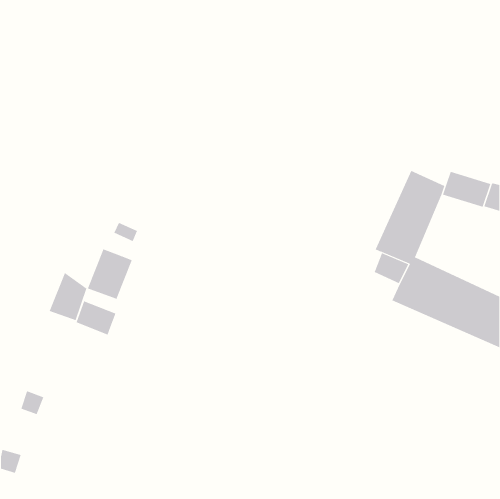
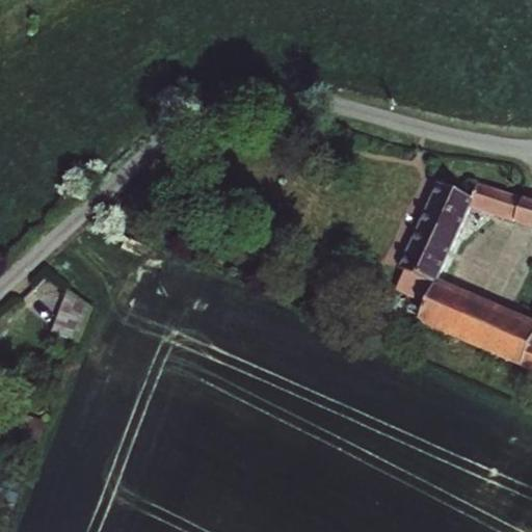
building: [87,249,132,300] -> none
building: [75,300,116,335] -> none

